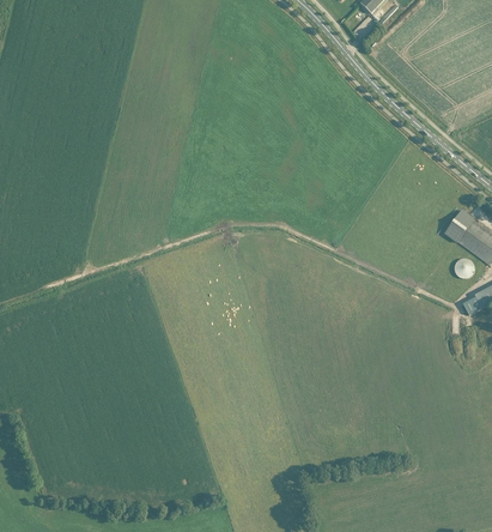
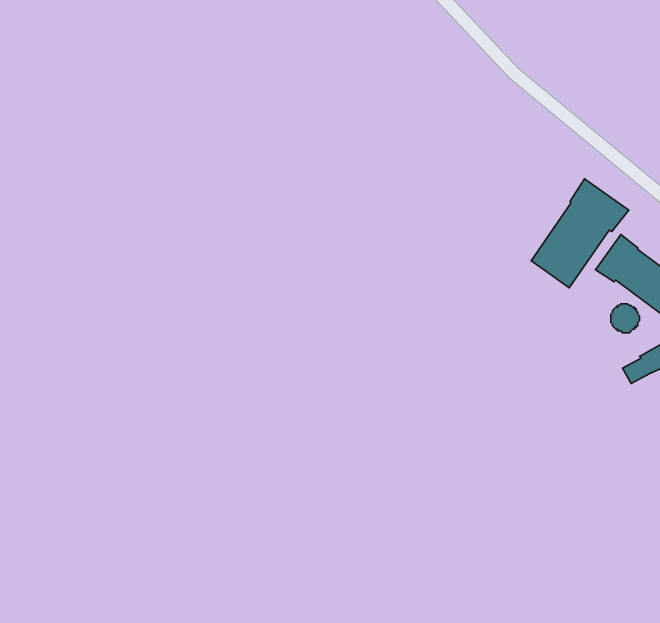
building: none -> [531,179,629,288]

